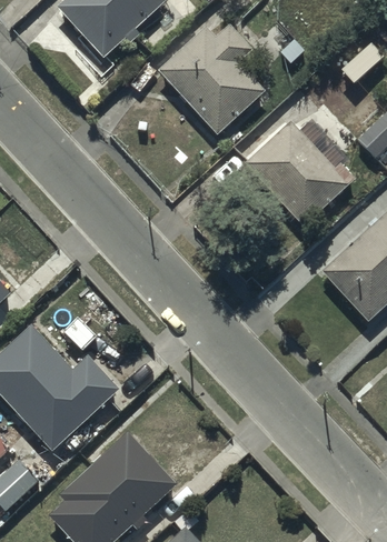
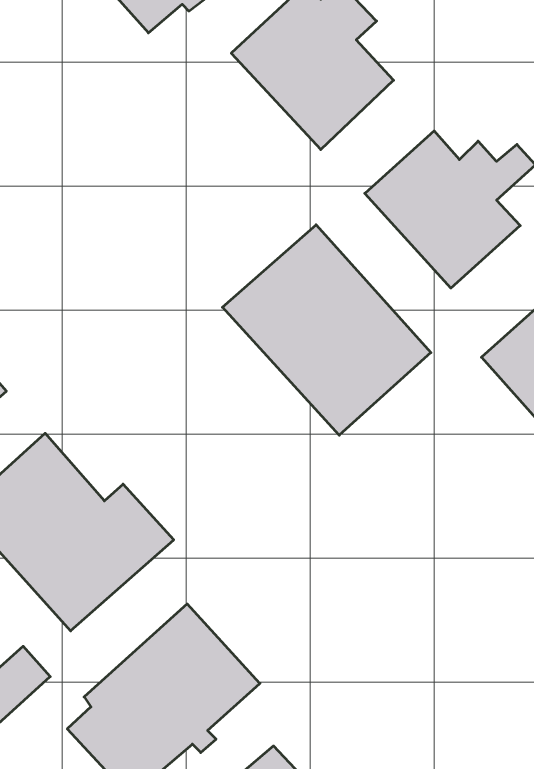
building: none -> [222,225,431,435]

